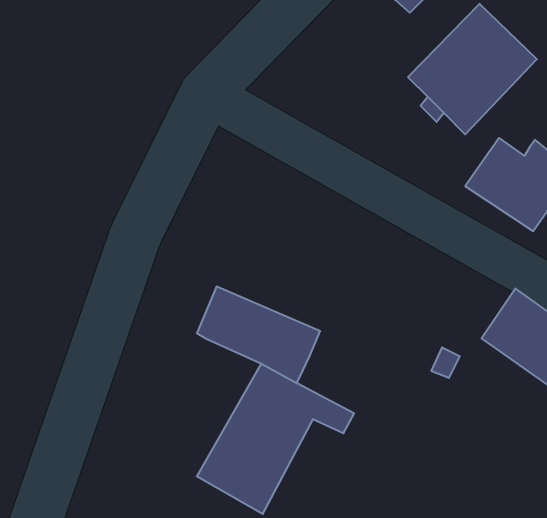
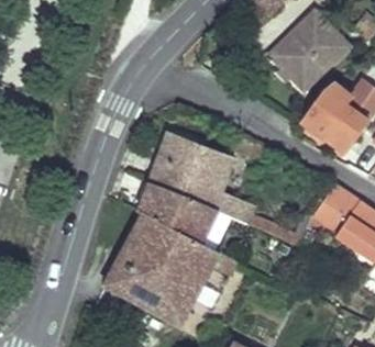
building: none -> [151,133,253,224]
building: none -> [107,215,178,300]

